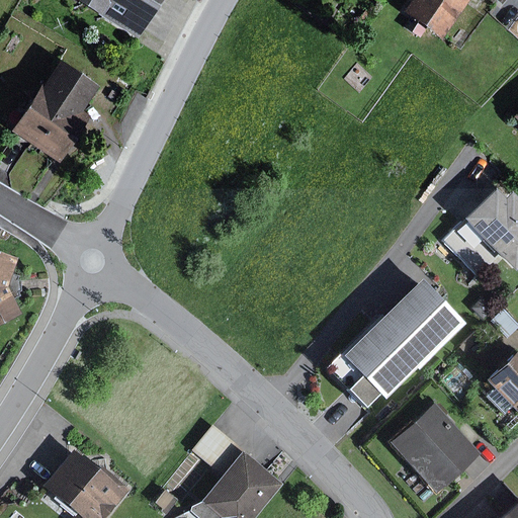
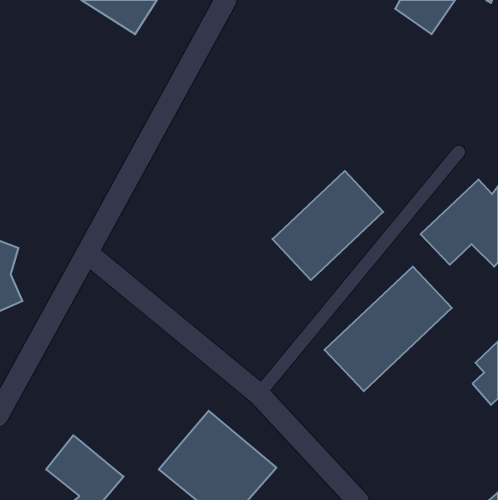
building: [11,64,100,165] -> none
building: none -> [272,171,383,280]
building: [387,402,481,495] -> none

